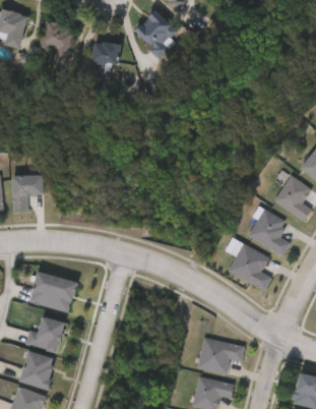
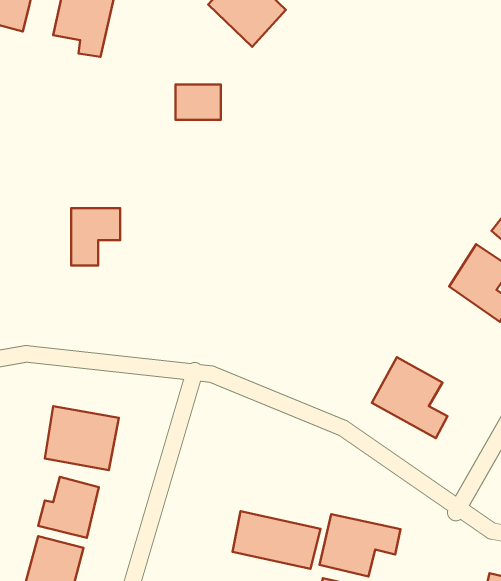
building: [88,42,116,63] -> [175,84,221,120]
building: [10,175,40,210] -> [71,208,120,266]
building: [249,210,292,255] -> none
building: none -> [232,511,321,569]

